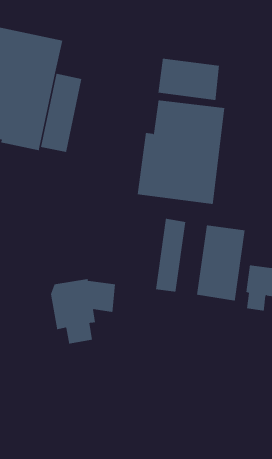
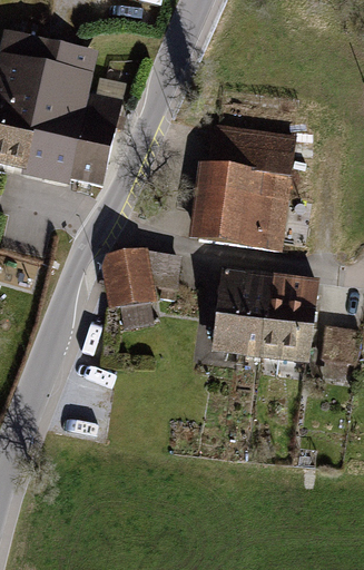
building: [158,58,220,101] -> none
building: none -> [236,272,273,361]
building: [50,279,116,344] -> [100,246,180,326]

